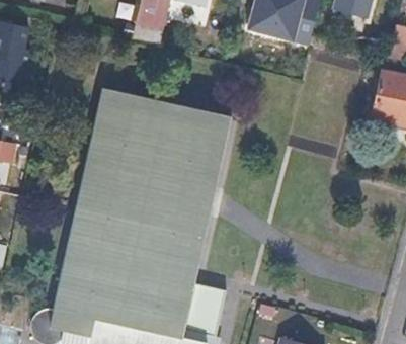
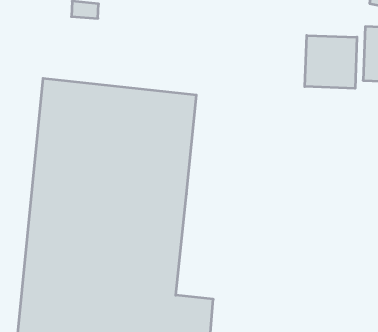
building: none -> [305,35,357,88]

